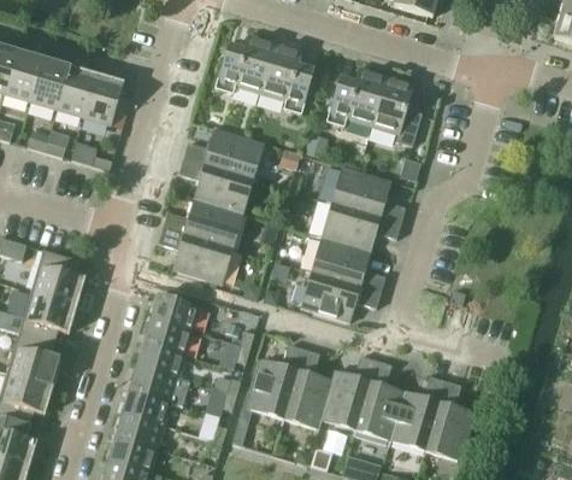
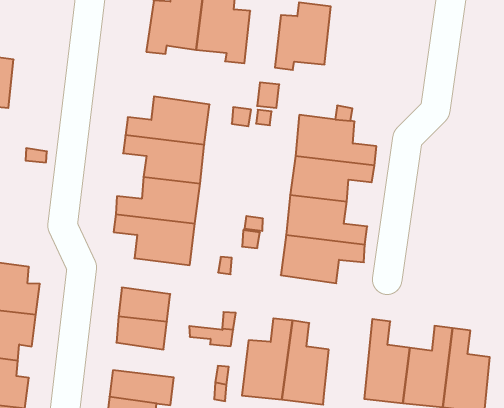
building: [83,75,123,125] -> none
building: [371,76,420,146] -> none
building: [136,343,184,379] -> none
building: [320,356,375,431] -> none

